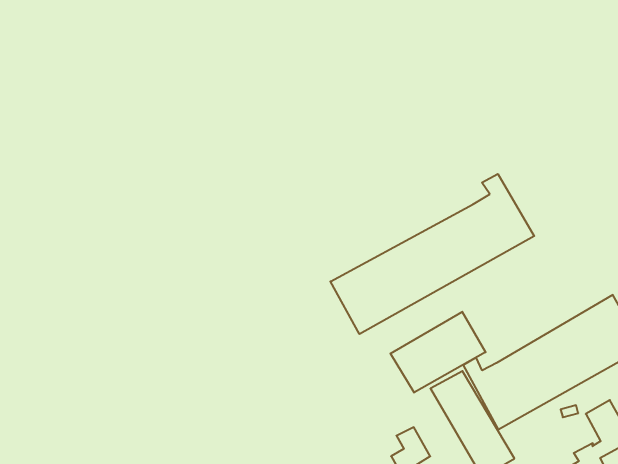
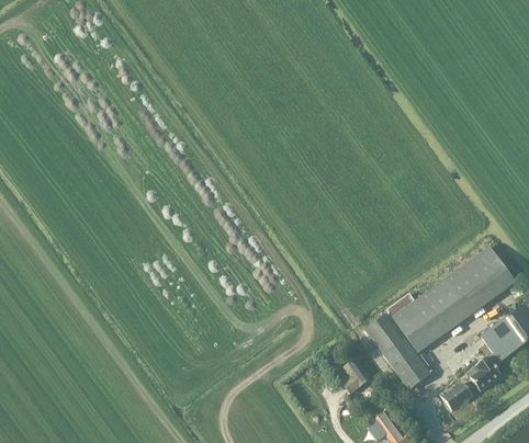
building: [330,174,534,334] -> none
building: [390,312,486,393] -> none

